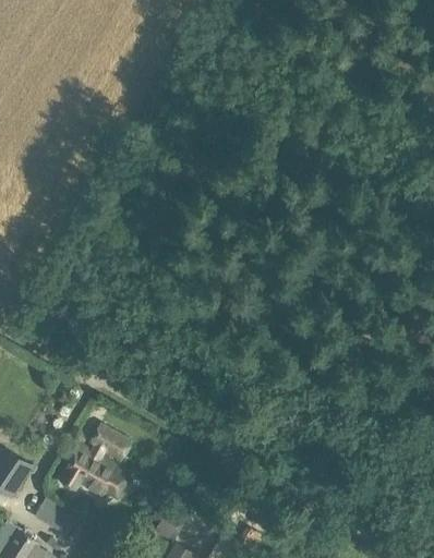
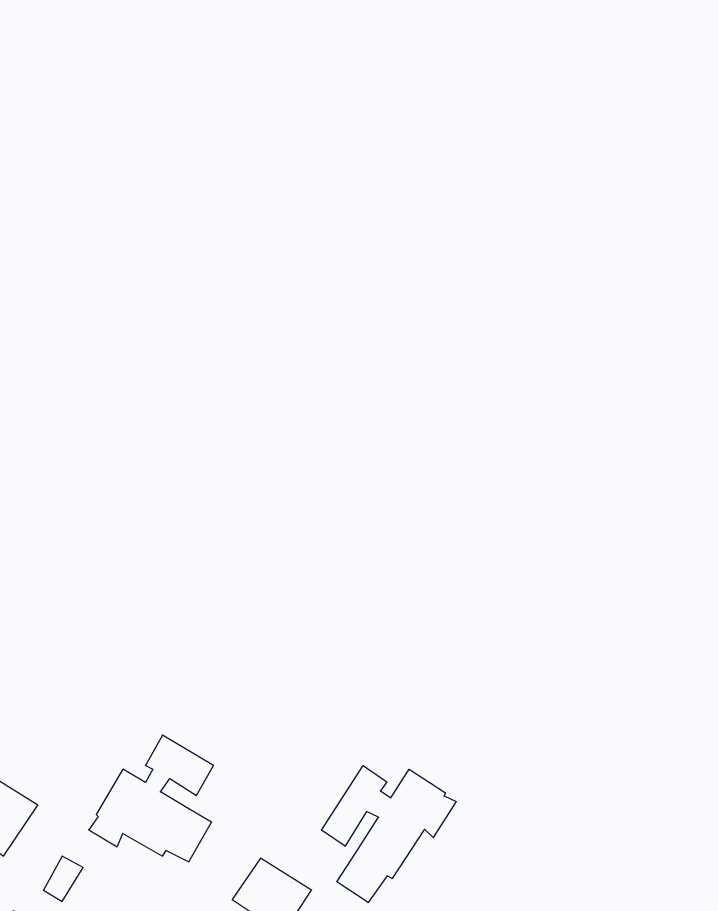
building: none -> [322,766,456,903]

